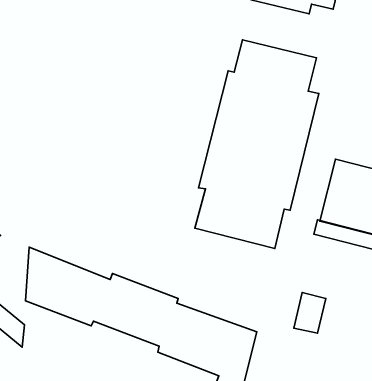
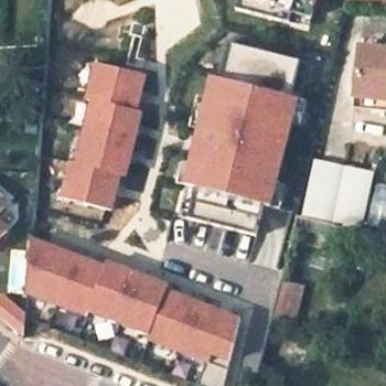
building: none -> [62,62,144,208]

